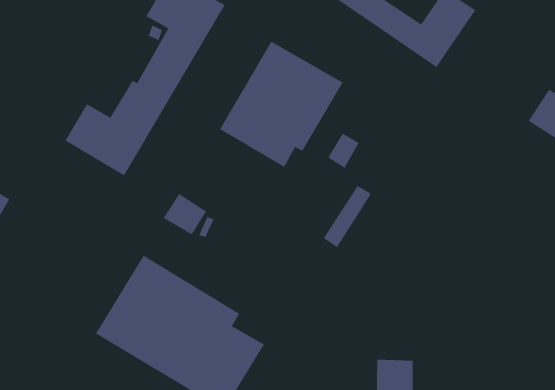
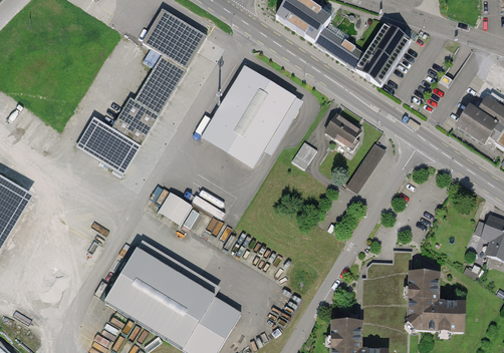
building: none -> [323,113,361,149]
building: [323,185,372,248] -> [344,142,385,194]
building: none -> [407,275,468,331]

